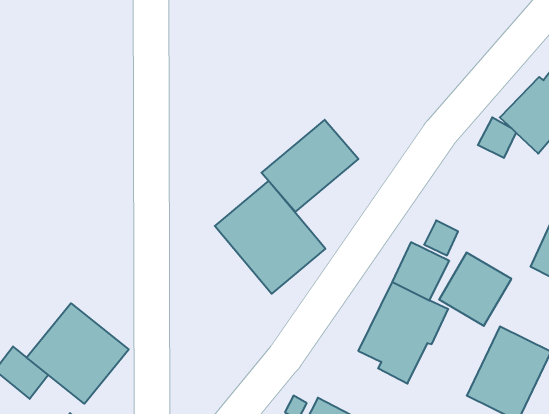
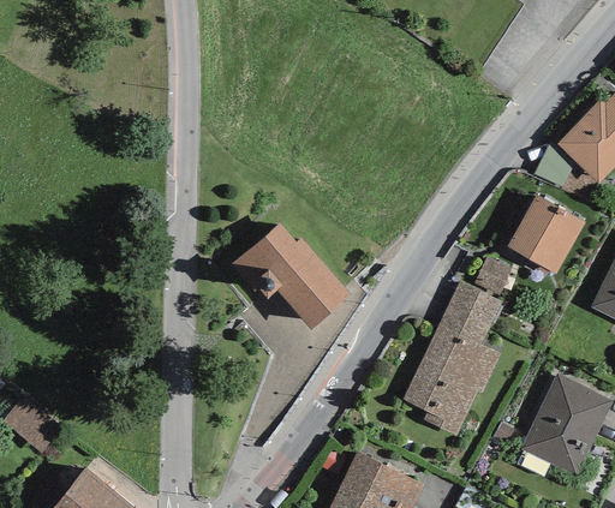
building: [261,120,358,212] -> none
building: [439,253,511,326] -> [506,193,585,274]
building: [27,303,129,404] -> none

